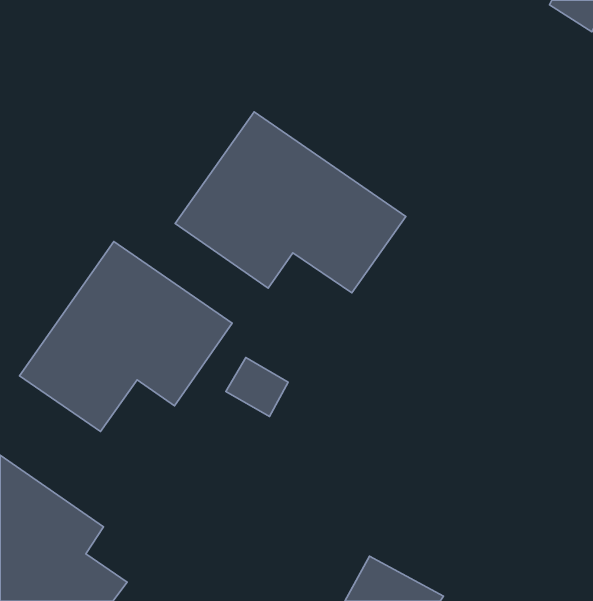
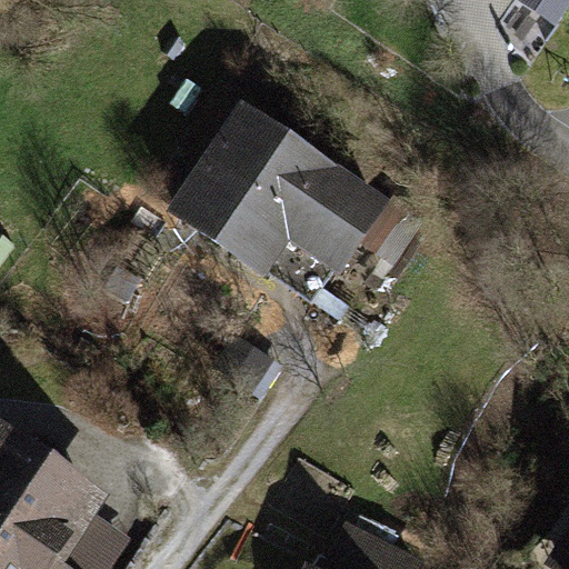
building: [19,242,232,431] -> none

